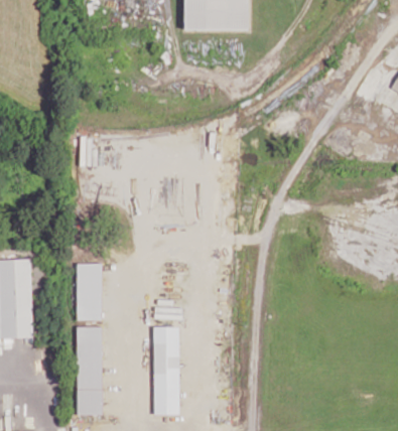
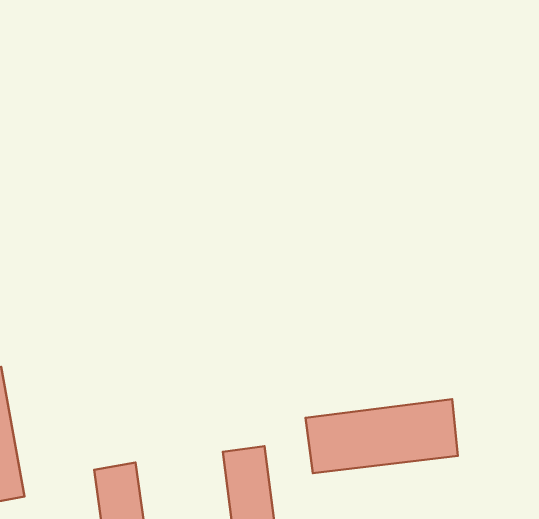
building: [77,263,103,320] -> none
building: none -> [306,399,458,473]

